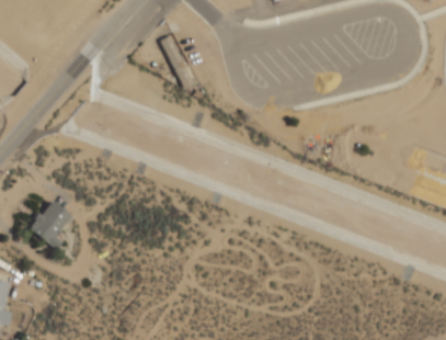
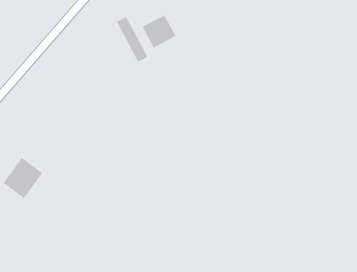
building: none -> [142,14,176,49]

